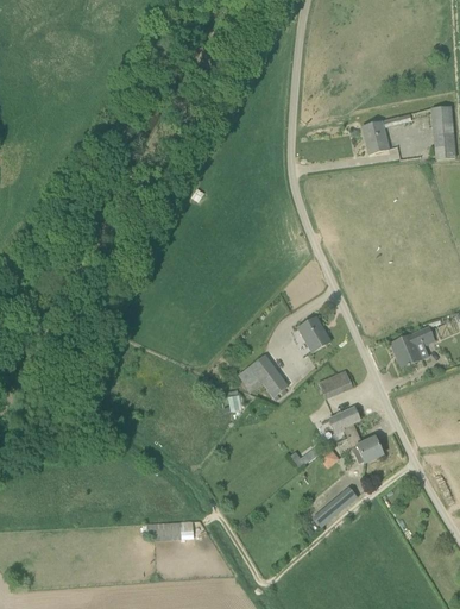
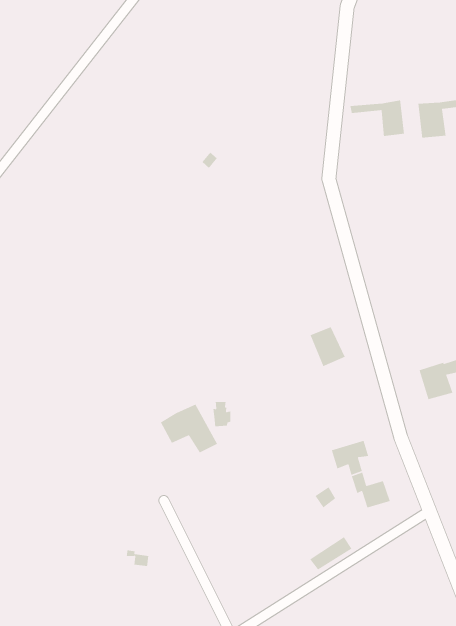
building: none -> [350,100,405,137]
building: [238,356,288,396] -> [160,403,218,453]
building: [317,370,352,398] -> none

